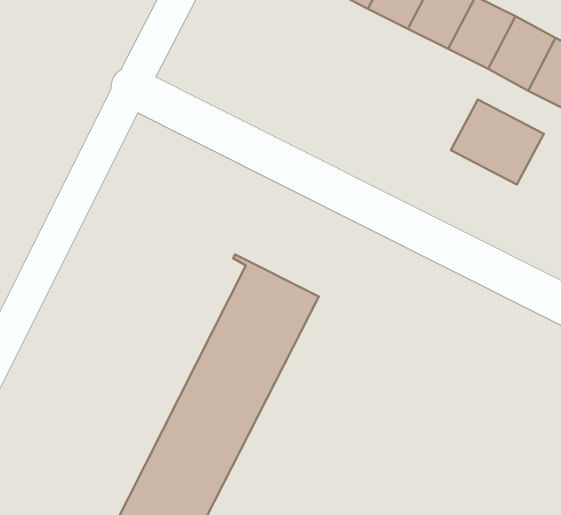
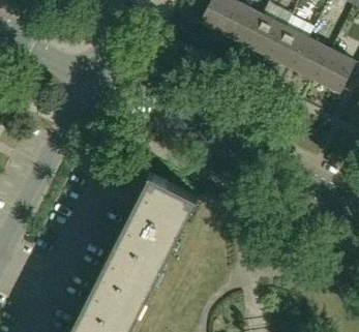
building: [451,100,544,184] -> none

